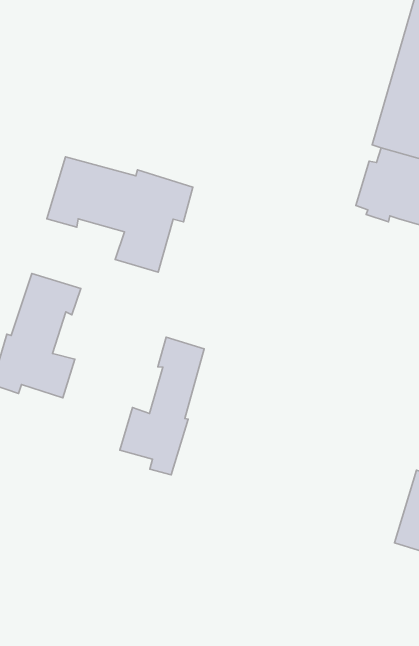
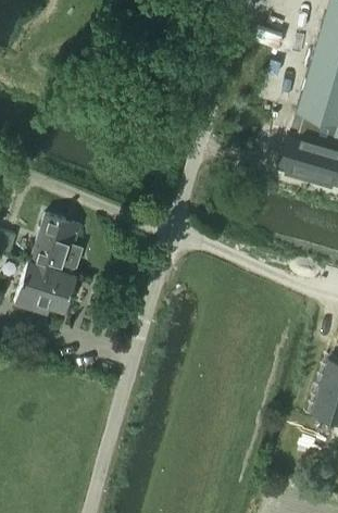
building: [47,157,193,272] -> none
building: [120,337,204,475] -> none

